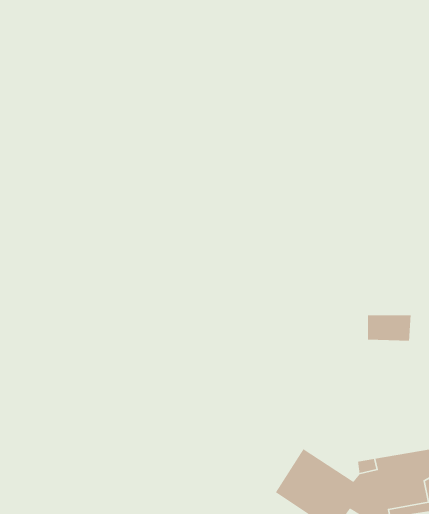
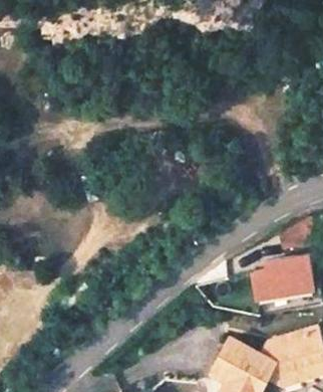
building: none -> [246,265,298,298]

